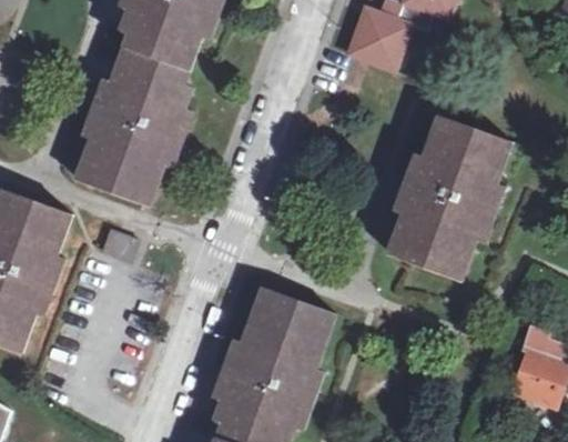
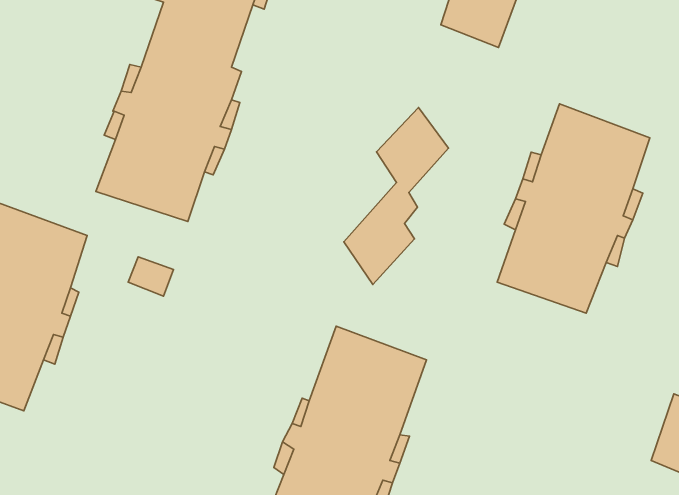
building: none -> [344,108,448,284]

